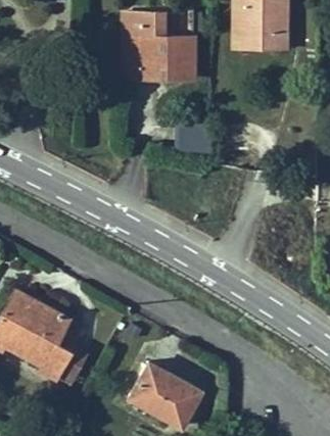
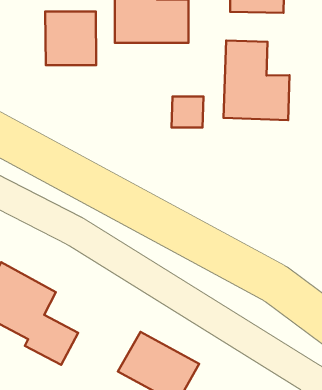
building: none -> [45,12,96,65]
building: none -> [223,40,290,120]

